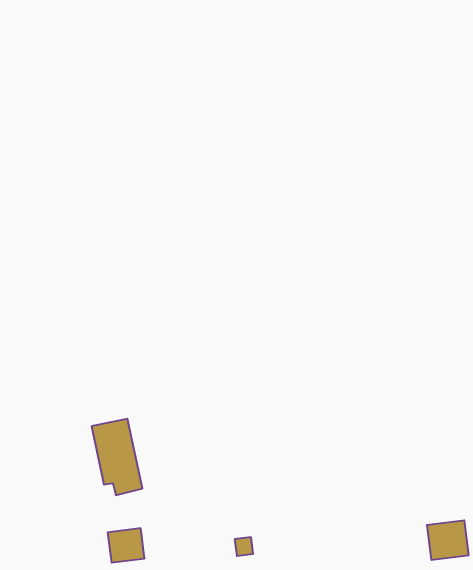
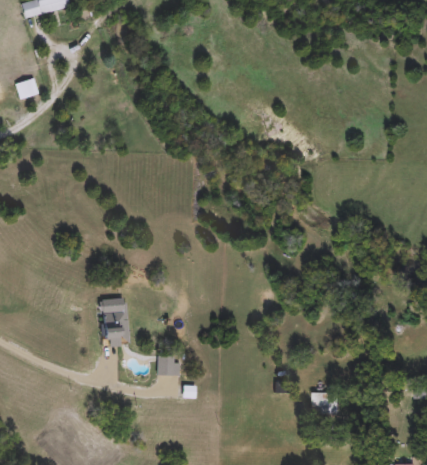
building: [108,528,145,563] -> [156,355,178,375]

